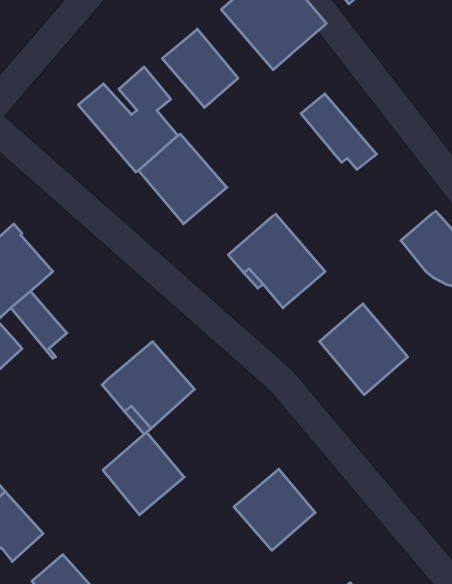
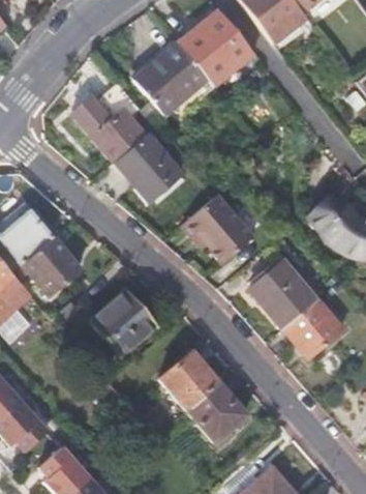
building: [301,94,377,169] -> [160,42,216,98]
building: none -> [37,236,81,282]
building: none -> [283,298,343,358]
building: [103,432,184,515] -> [160,349,220,410]

